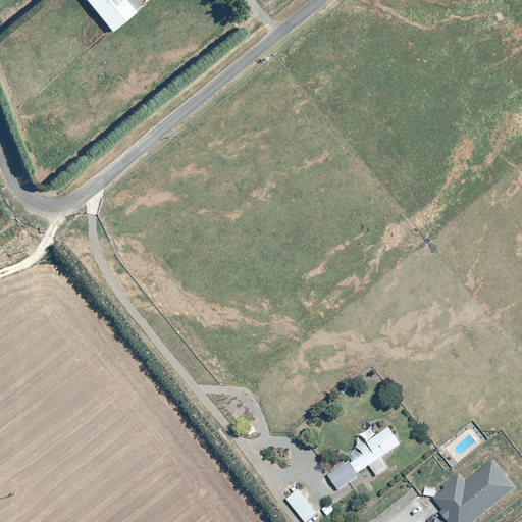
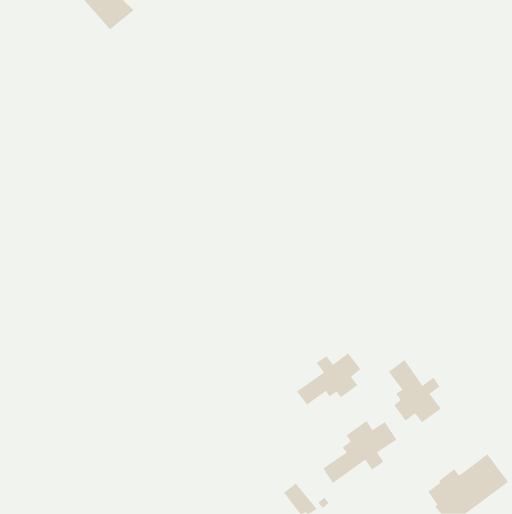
building: none -> [296,352,361,406]
building: none -> [388,359,442,423]

